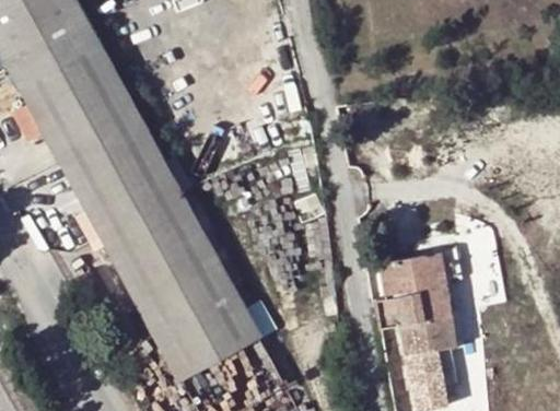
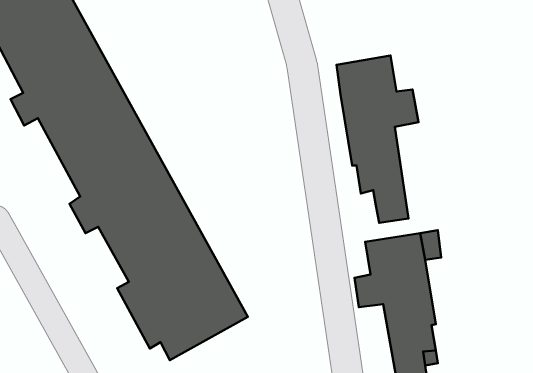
building: none -> [337,55,418,223]

